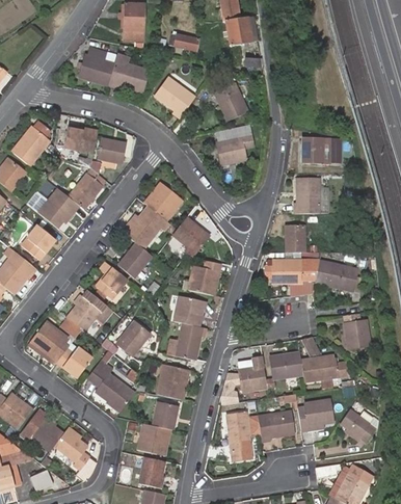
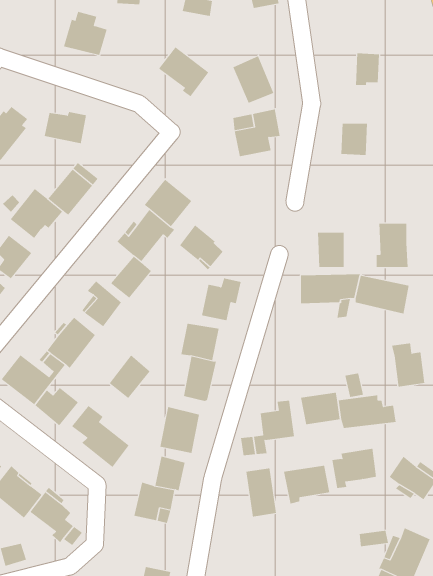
building: [109,58,149,88] -> none
building: [98,136,126,162] -> none
building: [322,136,342,162] -> [355,53,380,85]
building: [293,177,319,212] -> [376,223,408,267]
building: [139,457,165,488] -> none

